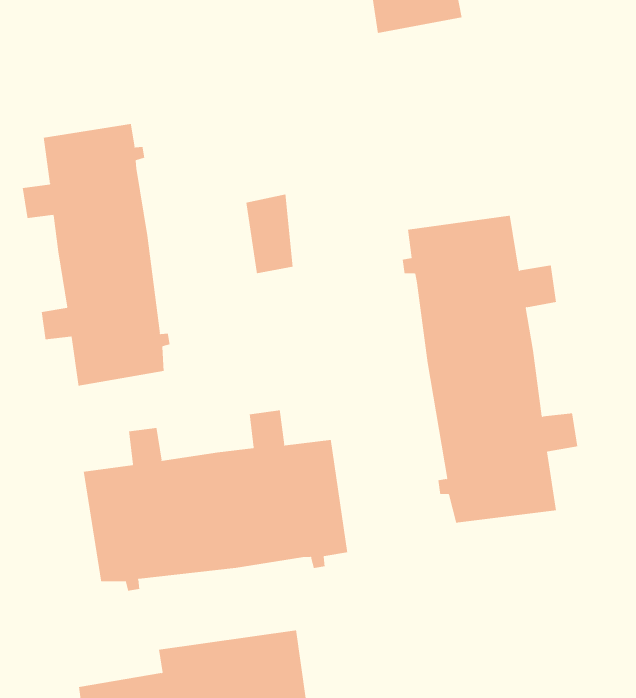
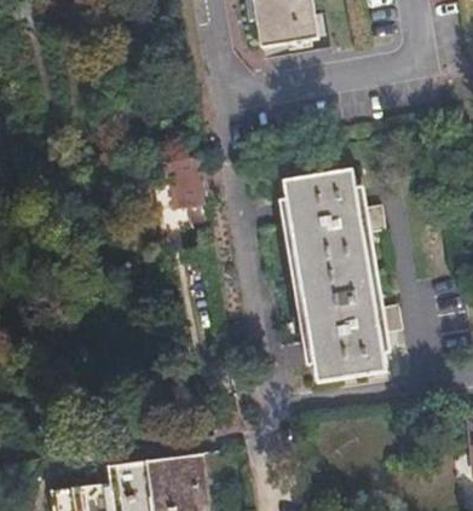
building: [22,123,170,387] -> none
building: [83,409,348,591] -> none

